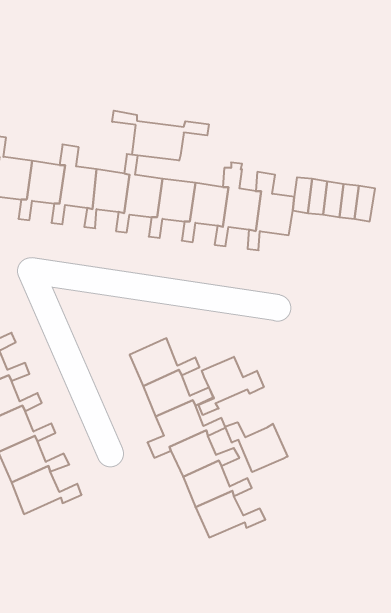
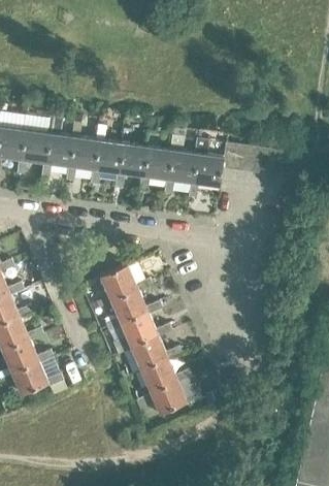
building: [112,111,209,161] -> none
building: [198,357,264,415] -> none
building: [225,422,288,472] -> none

